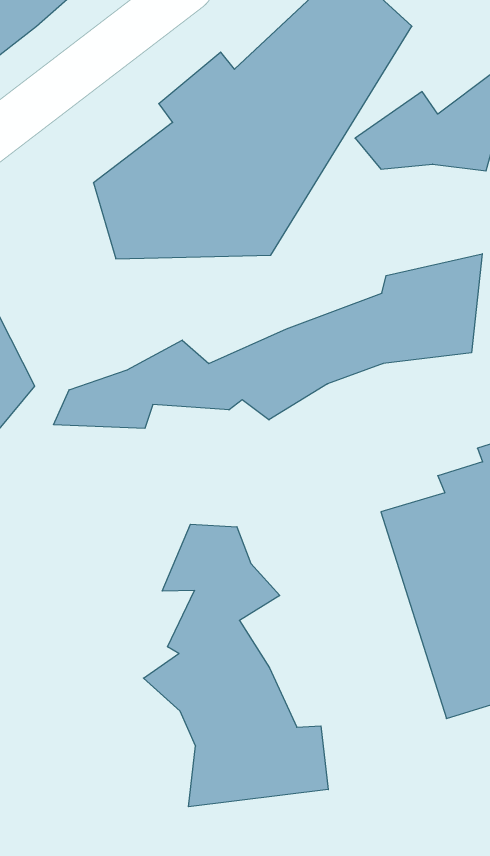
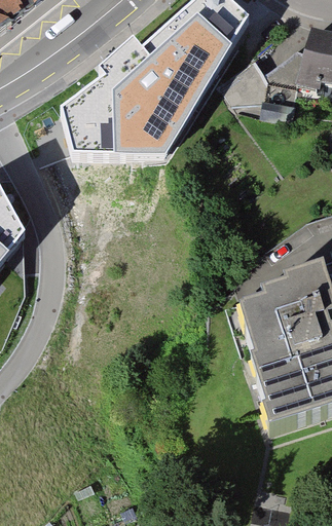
building: [54,254,482,428] -> none
building: [143,524,328,807] -> none

